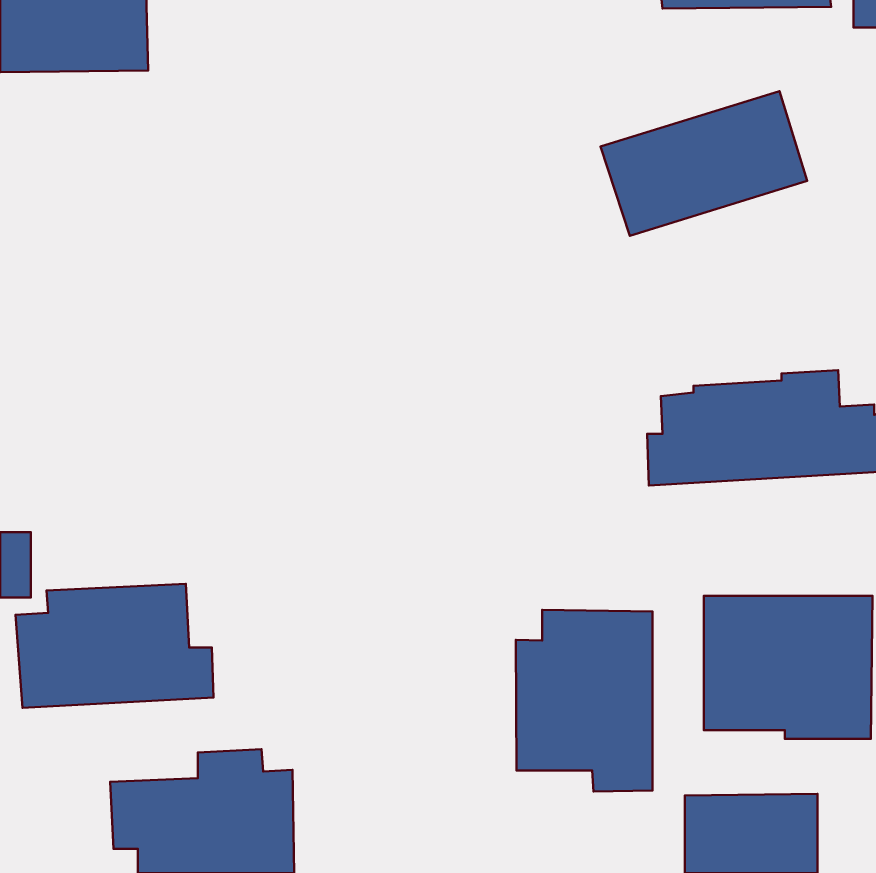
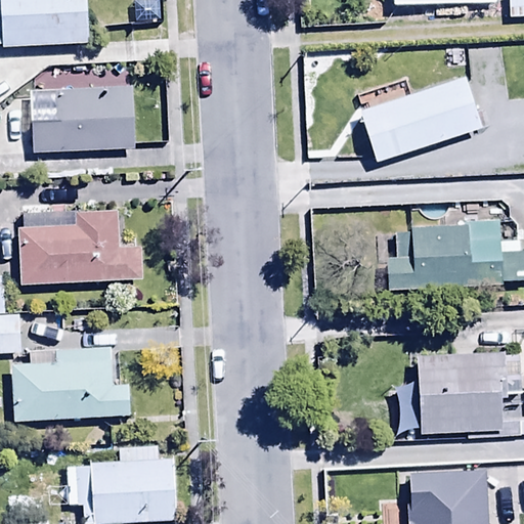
building: none -> [32,87,136,152]
building: none -> [17,209,143,285]
building: [516,610,653,791] -> none

